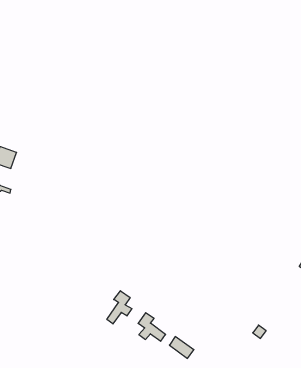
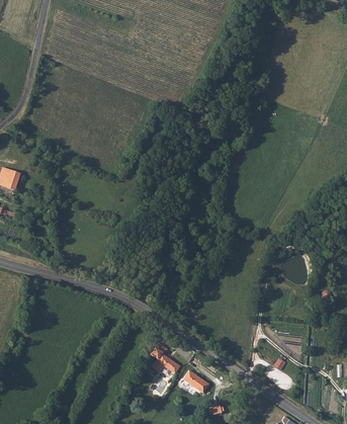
building: [107,291,132,324] -> none

